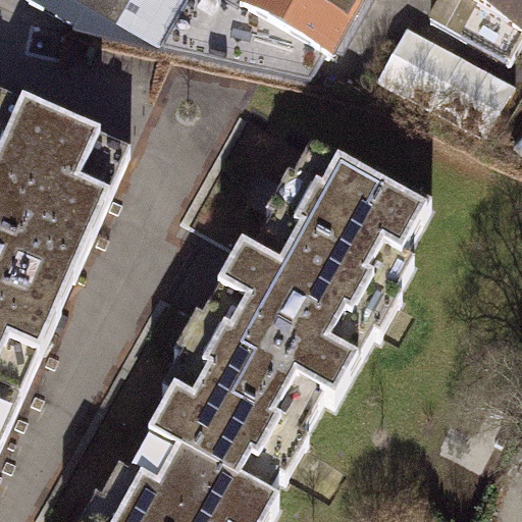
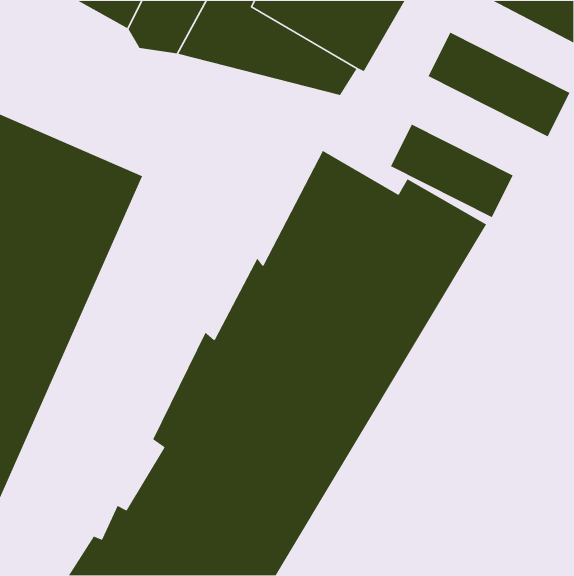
building: none -> [390,124,514,218]

